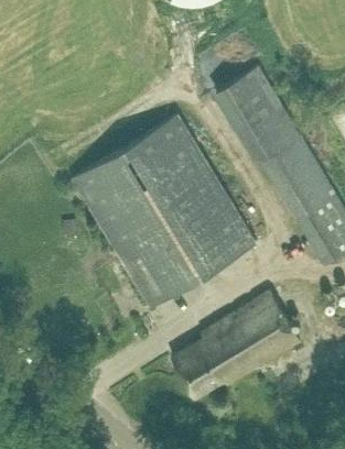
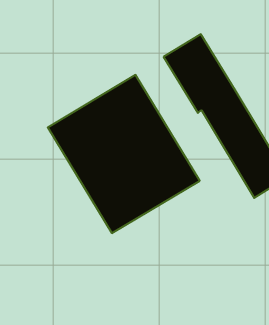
building: [172,293,300,397] -> none

